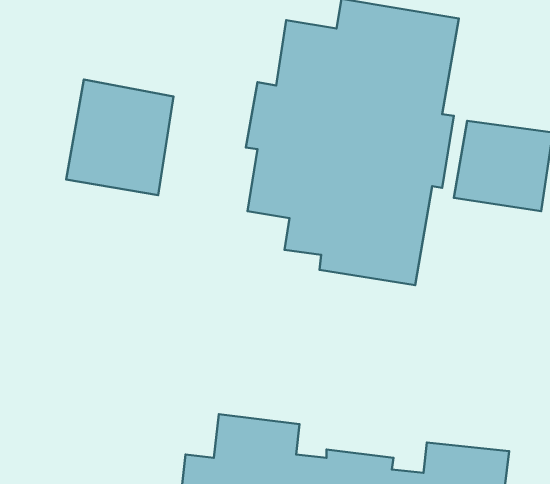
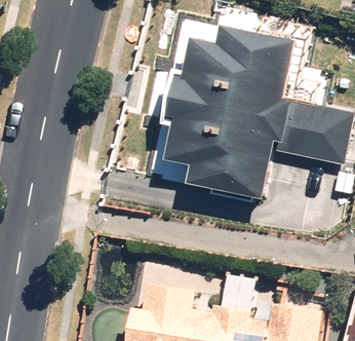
building: [66,79,173,195] -> none

